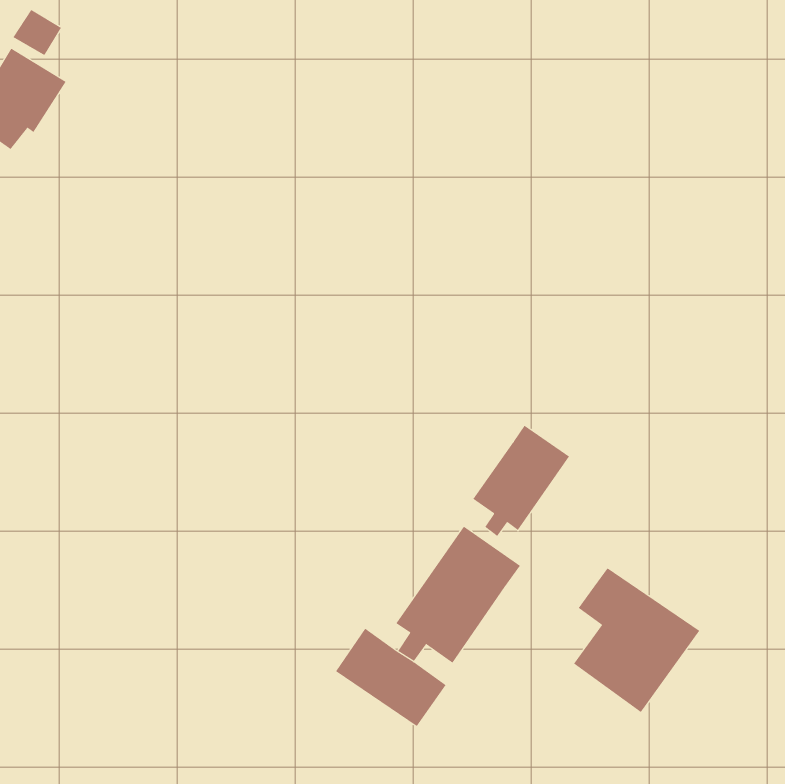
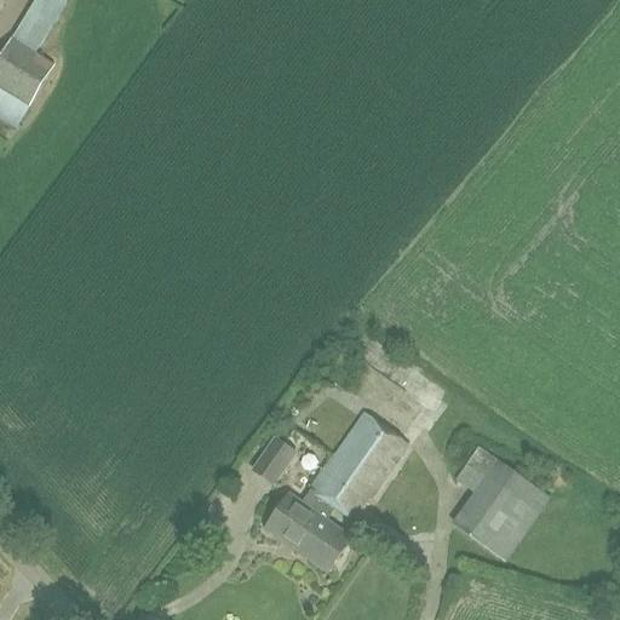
building: [473,425,570,537] -> none
building: none -> [249,436,293,483]

